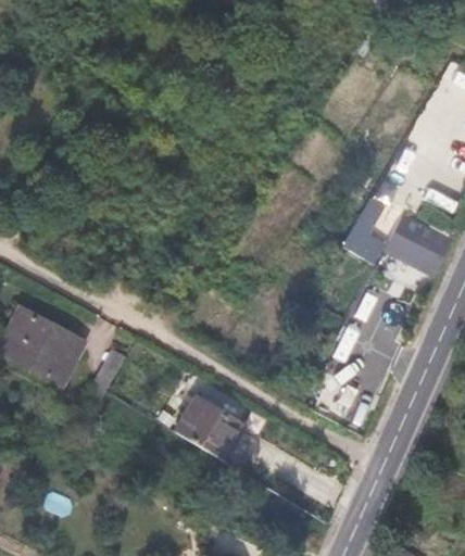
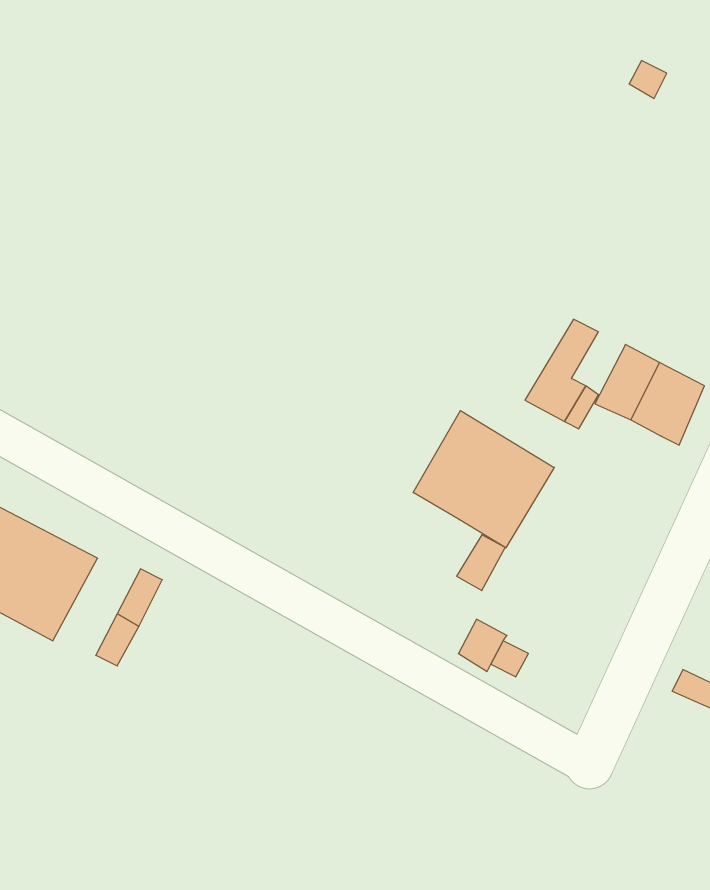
building: none -> [413,411,554,548]
building: [177,393,246,457] -> none

